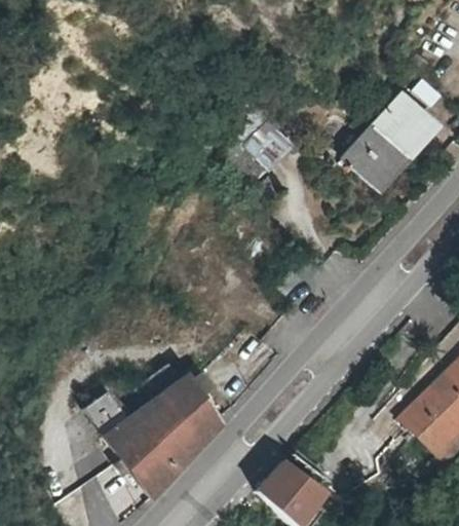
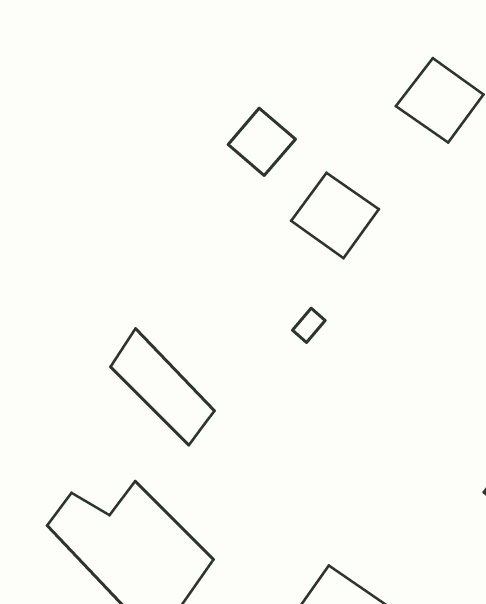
building: [344,130,409,194] -> [291,173,379,258]
building: [152,355,224,445] -> [110,329,215,445]

